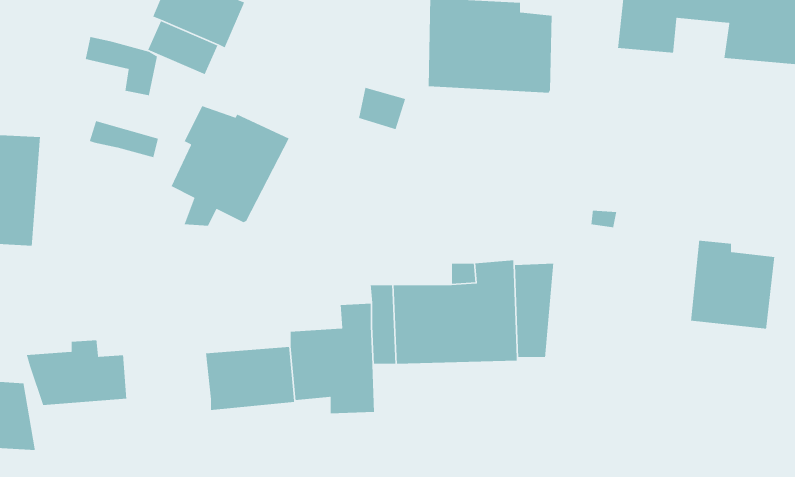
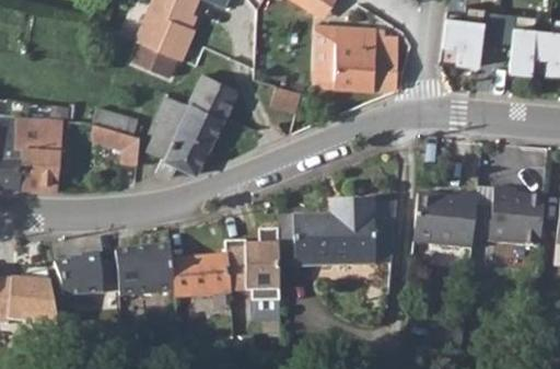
building: [85,36,158,96] -> [92,124,140,163]
building: none -> [189,73,238,120]
building: none -> [411,191,476,246]
building: none -> [114,247,172,297]

